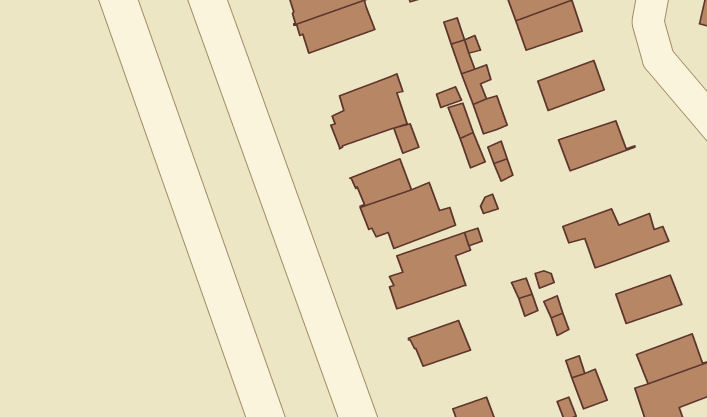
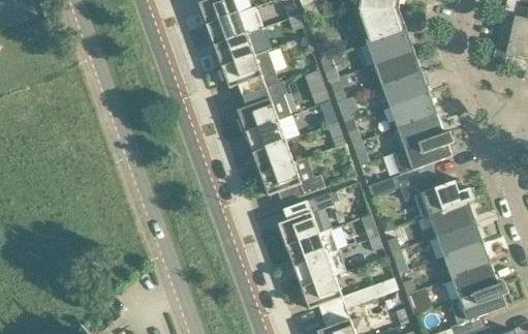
building: none -> [218,50,279,96]
building: none -> [374,51,422,86]
building: none -> [390,92,437,127]
building: none -> [245,120,285,154]
building: none -> [391,132,455,188]
building: none -> [424,201,475,240]
building: none -> [286,230,338,267]
building: none -> [444,243,491,278]
building: none -> [299,275,398,316]

